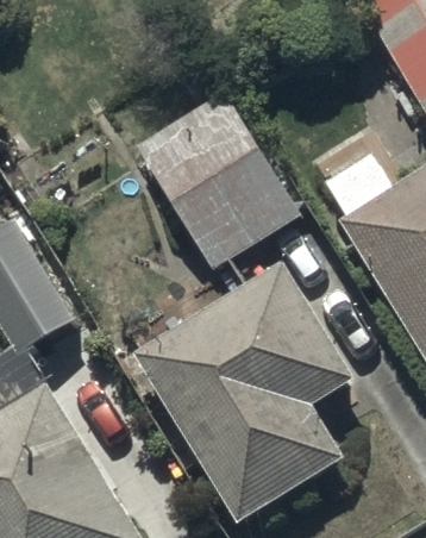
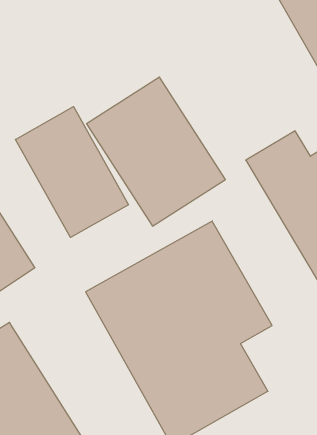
building: none -> [15,107,128,237]

